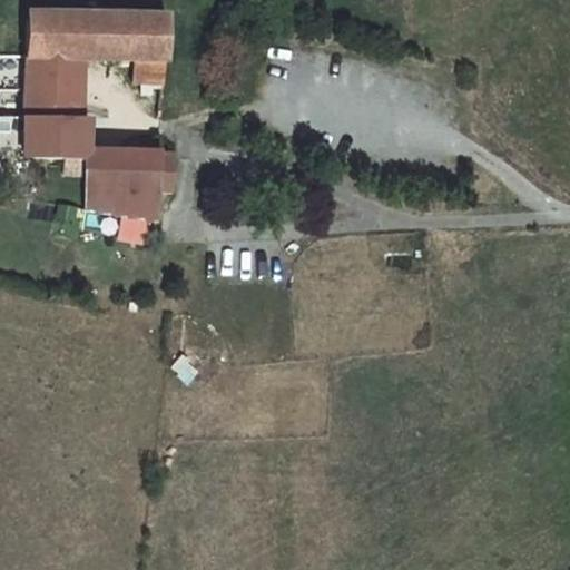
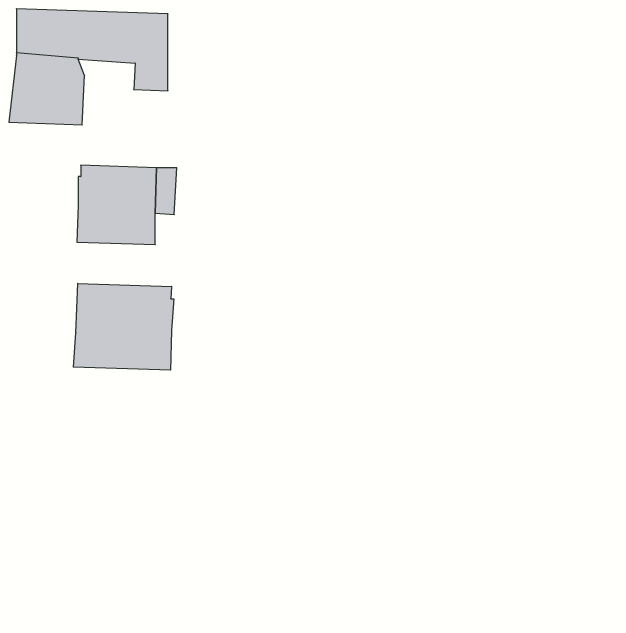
building: [24,108,89,156] -> none
building: none -> [73,283,174,370]

